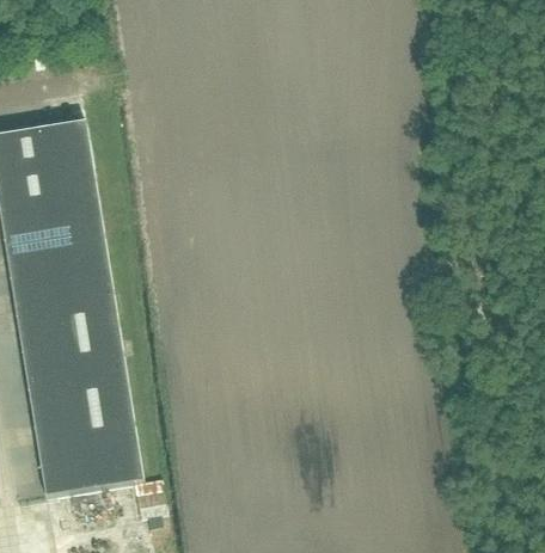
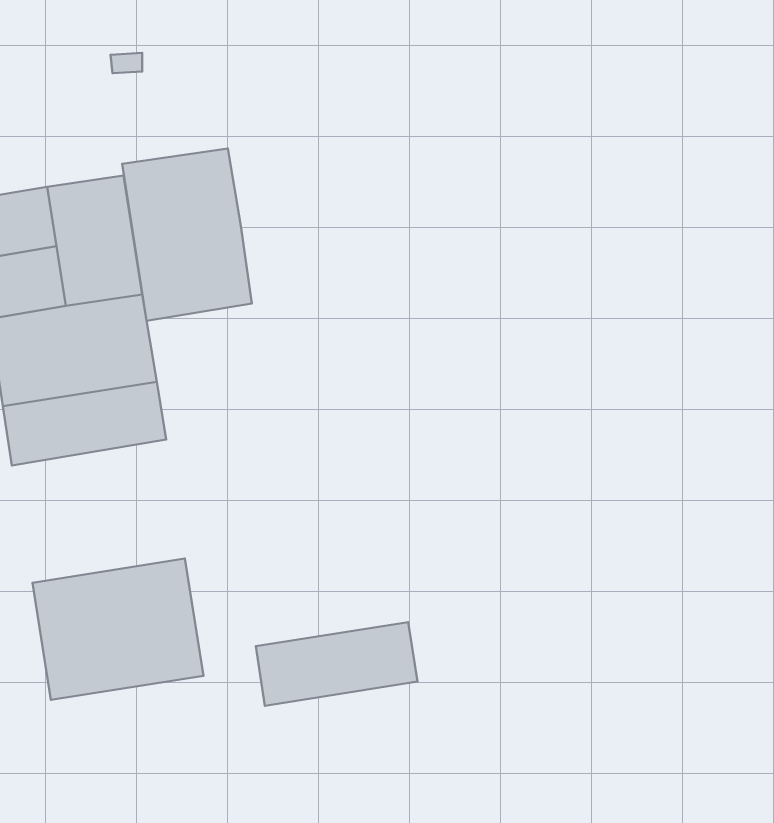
building: none -> [122,149,252,321]
building: [13,289,124,381] -> none
building: [38,441,142,494] -> [256,622,417,706]

